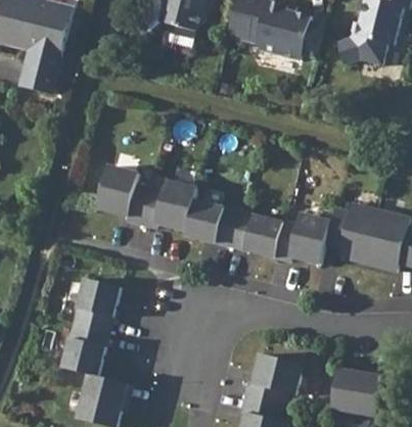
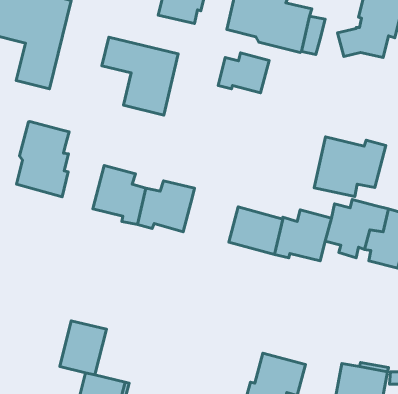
building: none -> [102,37,178,115]
building: none -> [218,53,269,93]
building: none -> [16,121,69,197]
building: none -> [314,137,386,197]
building: [183,199,237,244] -> none
building: [73,277,119,330] -> none

